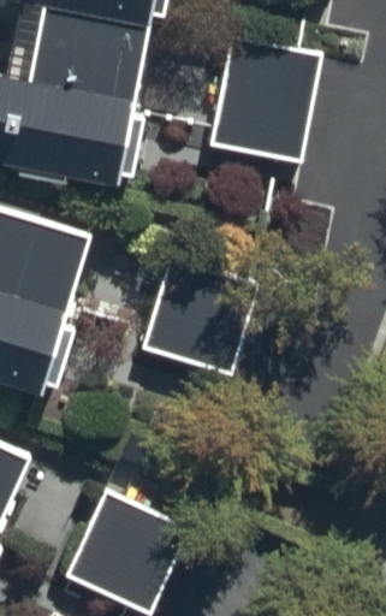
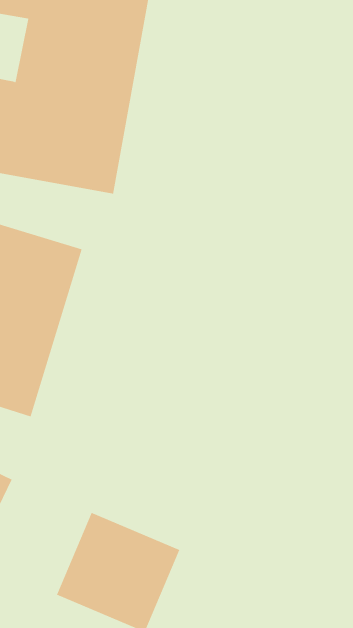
building: [208,40,322,164] -> none
building: [142,253,260,373] -> none

